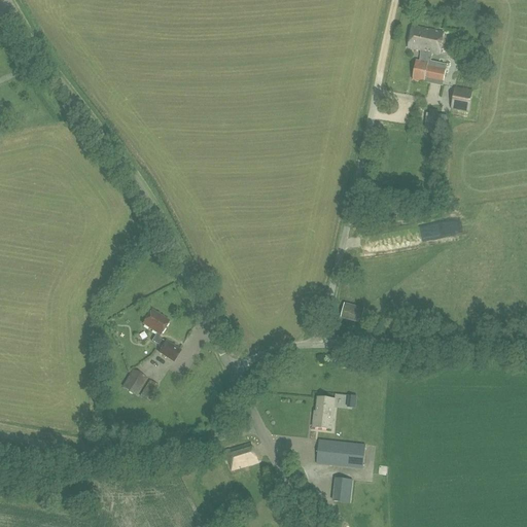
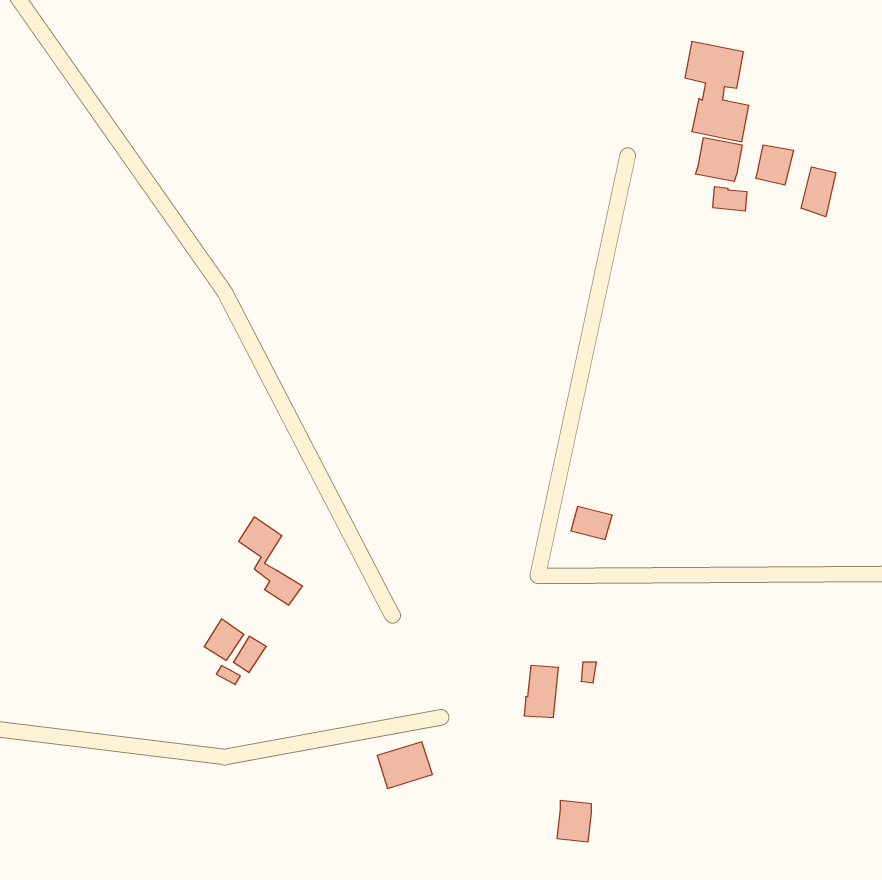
building: none -> [695,138,742,182]
building: none -> [801,167,836,217]
building: [316,438,364,467] -> none

